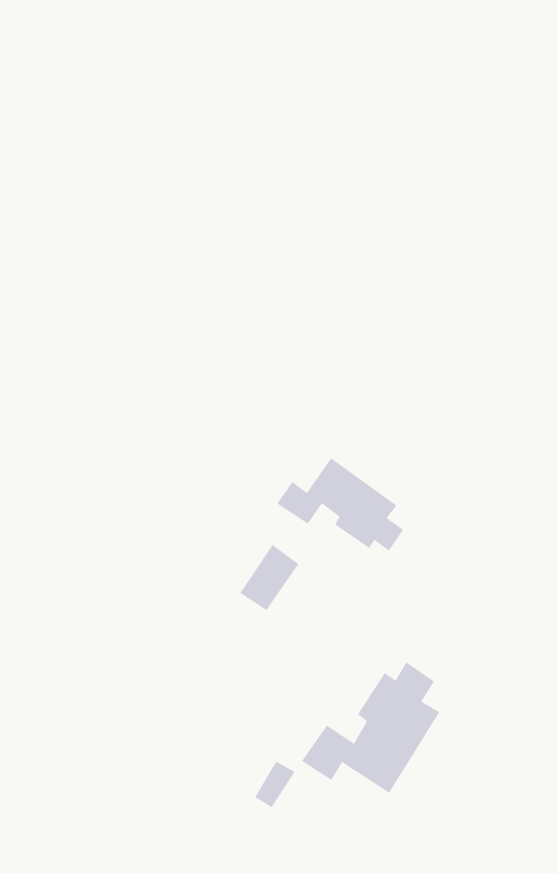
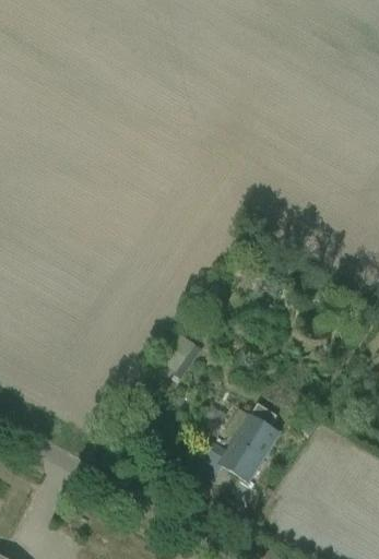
building: [276,457,404,552] -> none

